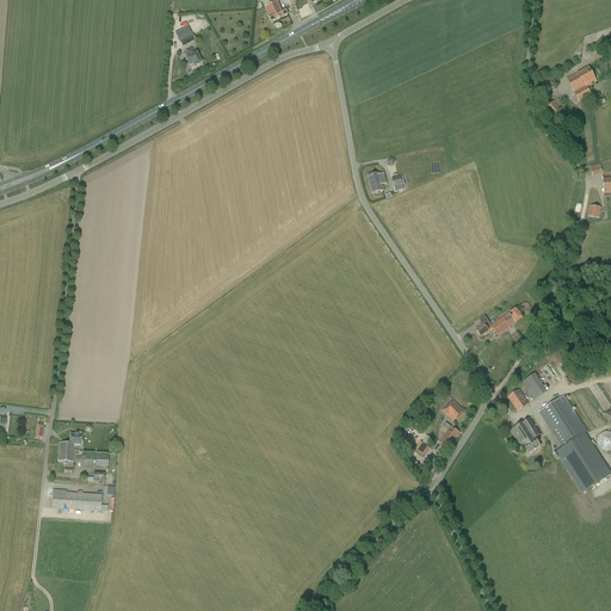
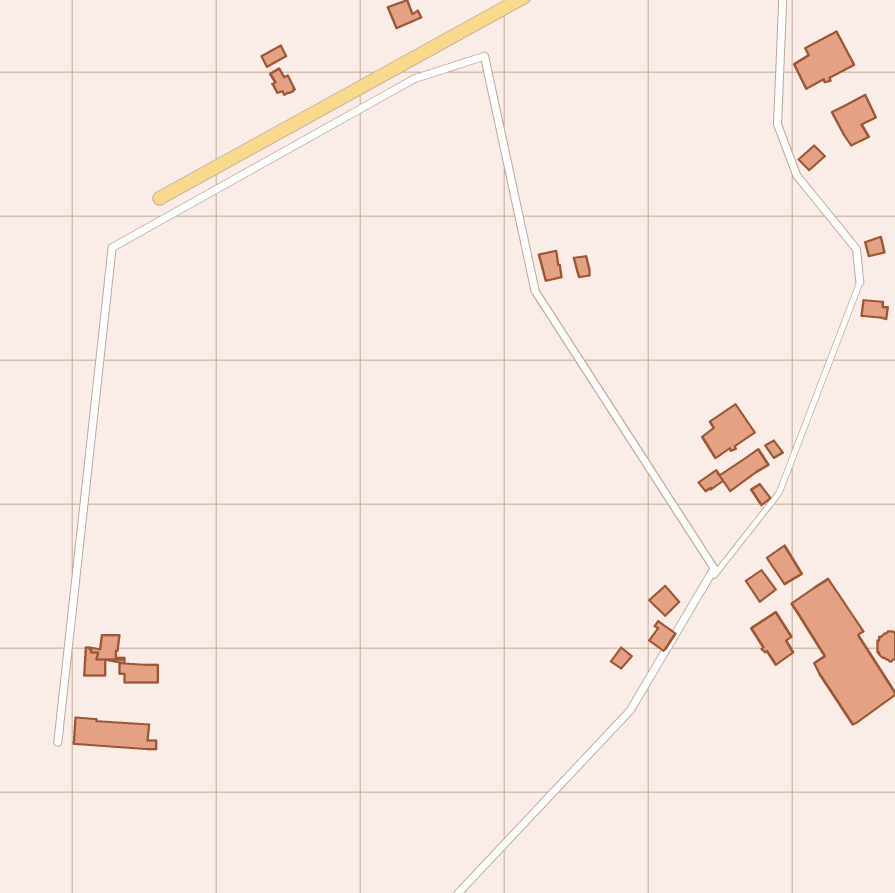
building: none -> [794,32,854,89]
building: none -> [702,404,755,458]

